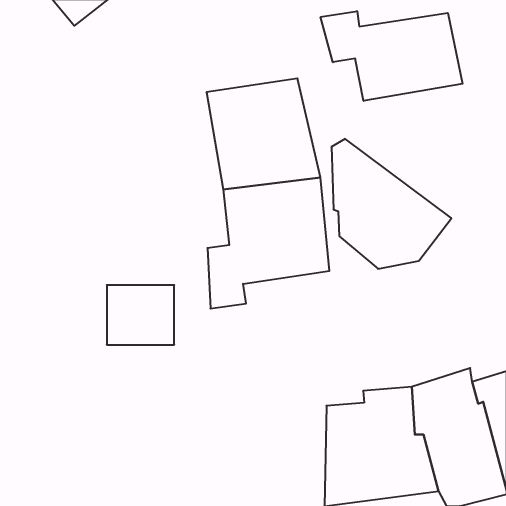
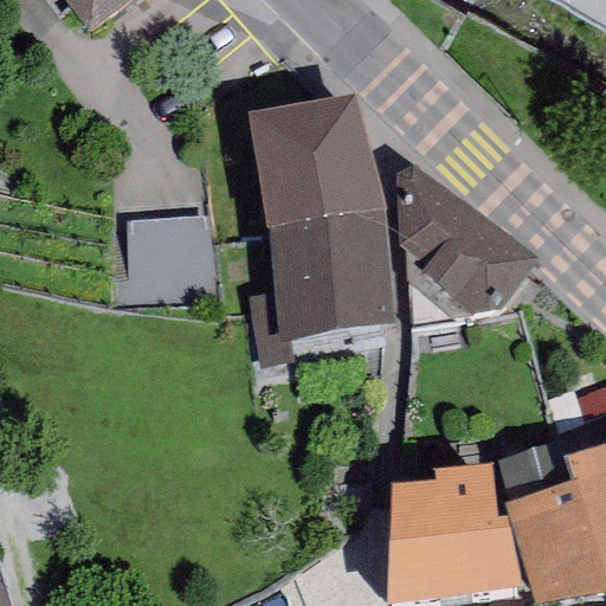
building: [321,11,463,101] -> none
building: [107,285,174,345] -> [142,221,223,292]

